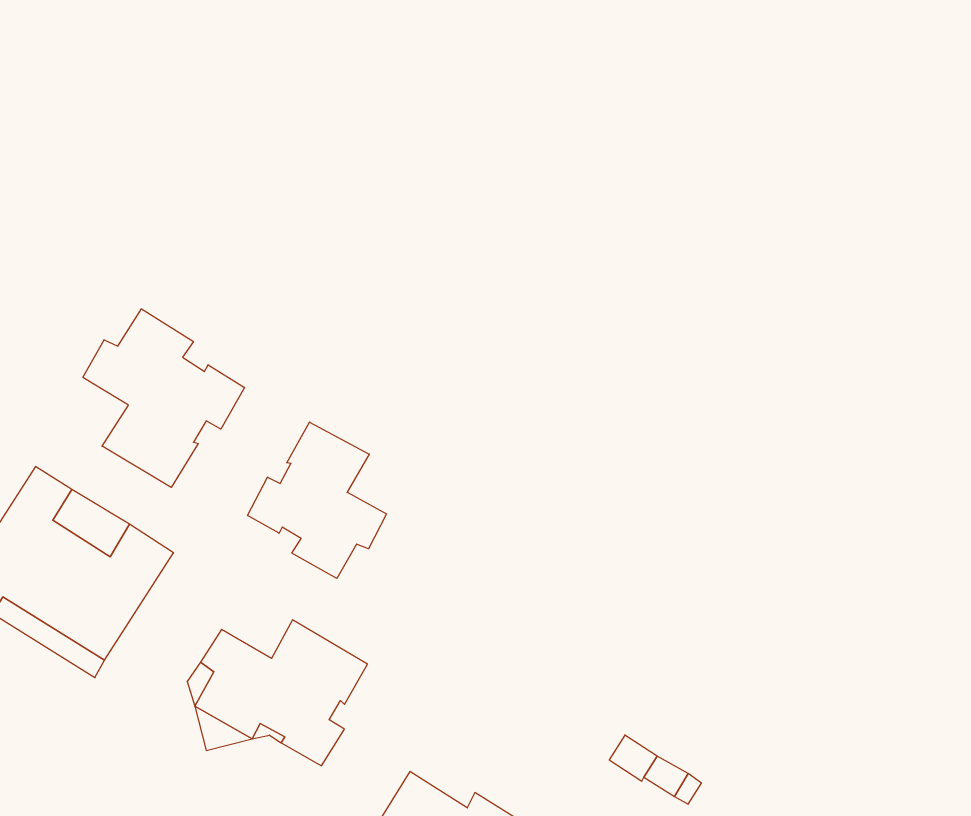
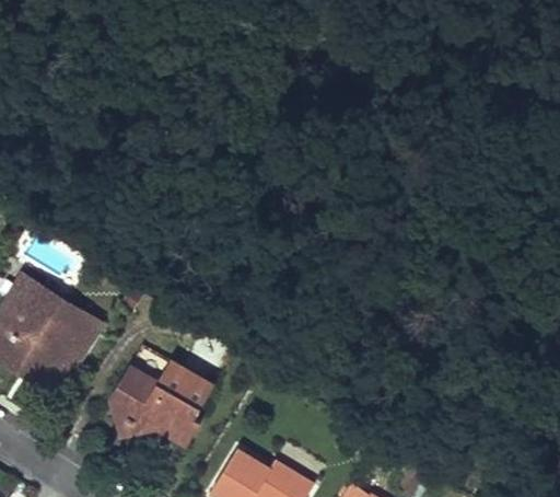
building: [83,309,245,487] -> none
building: [248,422,386,578] -> none

